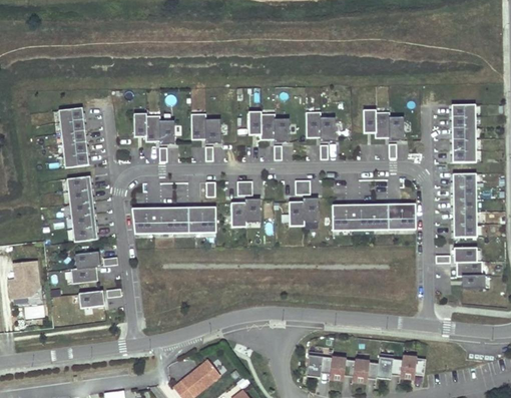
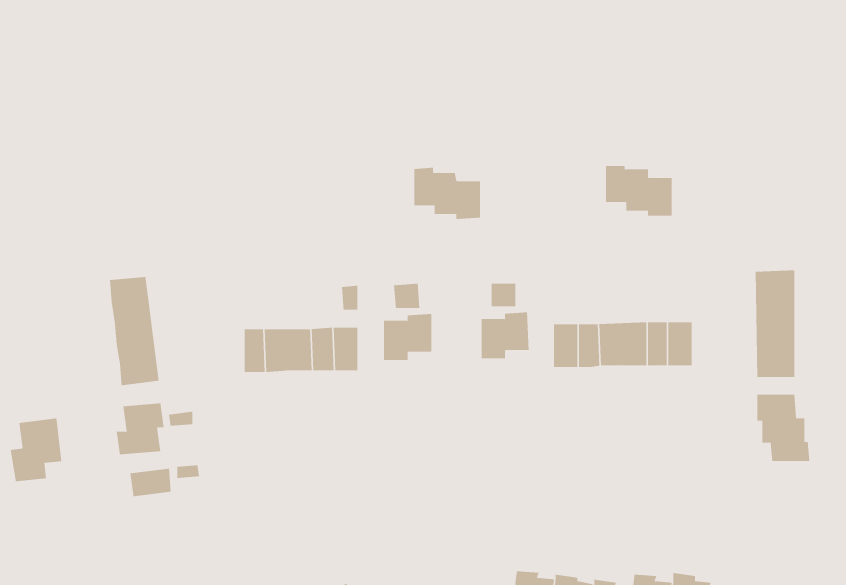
building: [451,103,476,162] -> none
building: [58,107,88,167] -> none
building: [306,112,335,141] -> none
building: [133,113,174,144] -> none
building: [191,113,220,143] -> none
building: [131,208,147,234] -> none

